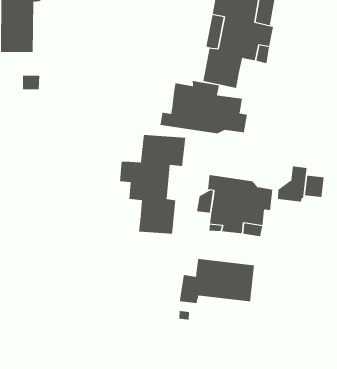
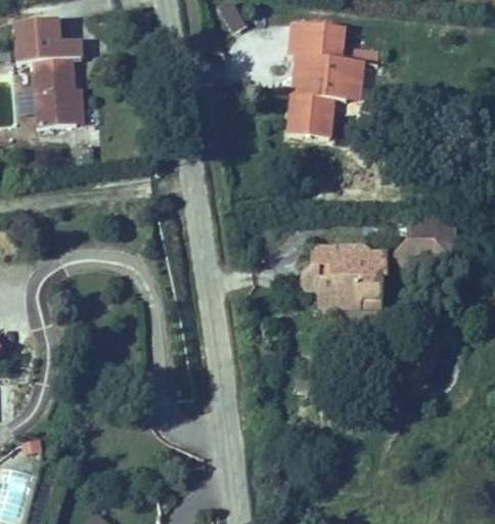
building: [160,80,248,134] -> none
building: [119,134,186,235] -> none
building: [179,258,255,304] -> none

